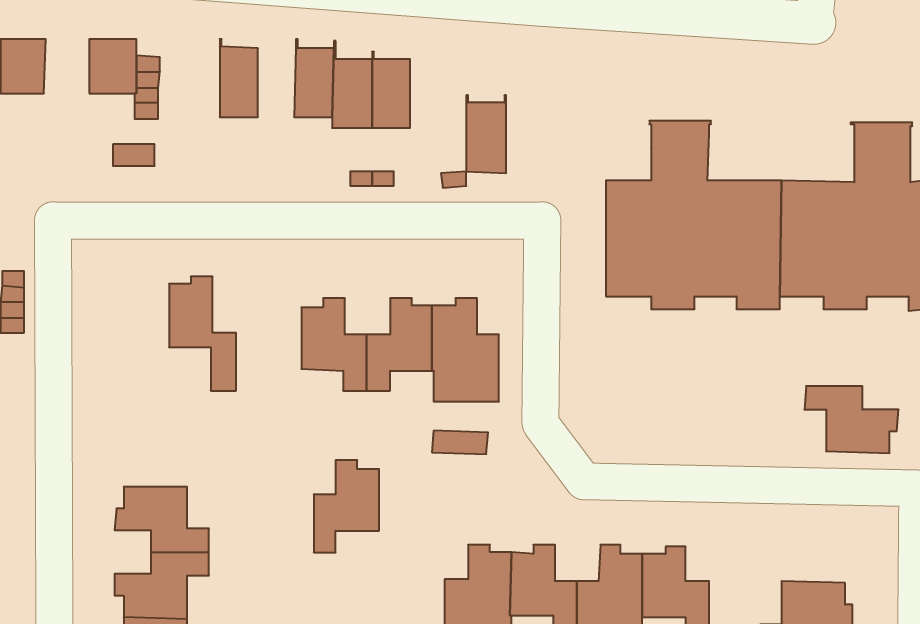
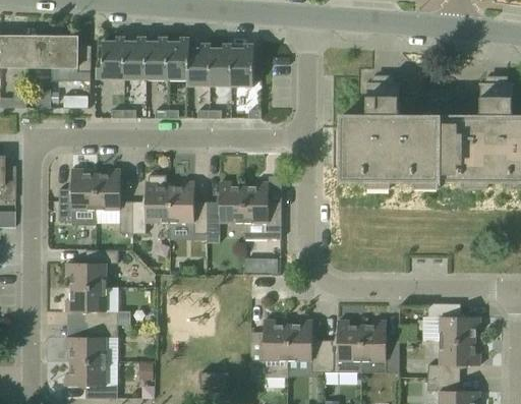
building: none -> [25,36,51,66]
building: none -> [146,36,167,79]
building: none -> [102,40,124,79]
building: [466,95,506,173] -> [231,43,253,86]
building: none -> [58,169,96,221]
building: [804,386,899,453] -> [427,303,480,341]
building: none -> [66,249,118,287]
building: [314,460,379,552] -> [133,181,170,233]

